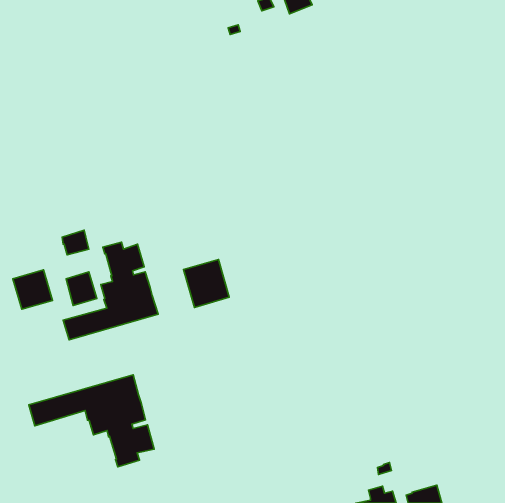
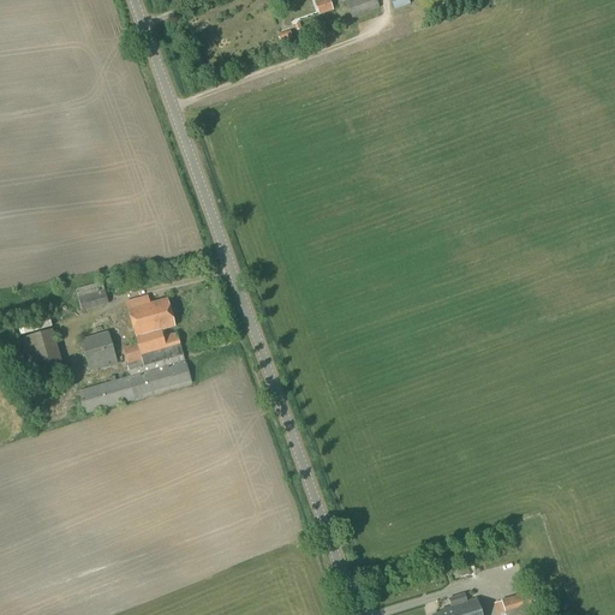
building: [184,260,229,307] -> none
building: [29,375,154,467] -> none

